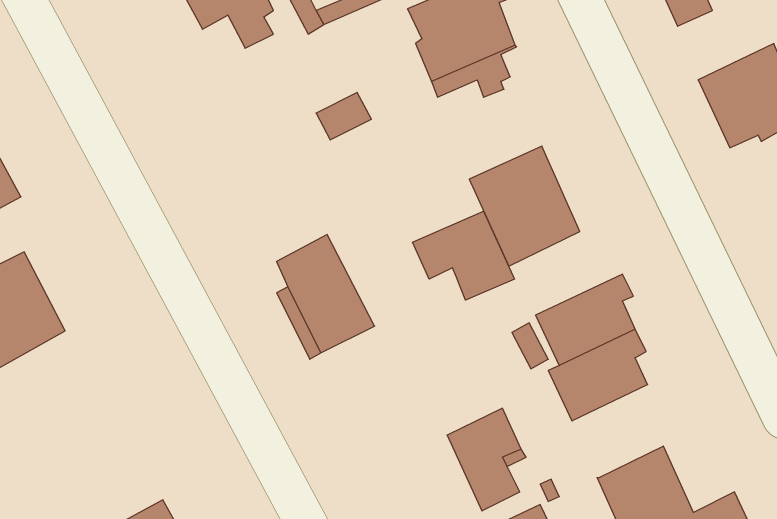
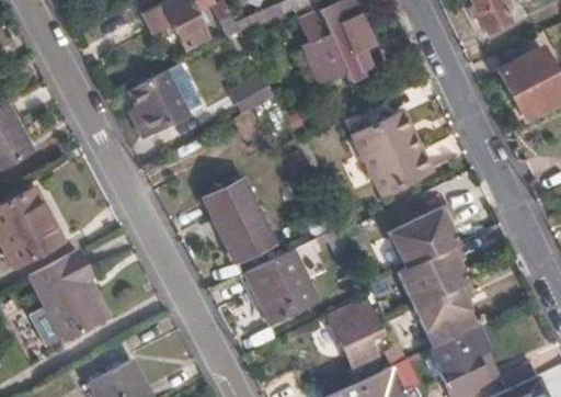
building: none -> [139,71,190,132]
building: [412,211,515,300] -> none
building: none -> [28,251,103,343]
building: none -> [240,252,311,325]
building: none -> [414,282,478,347]

